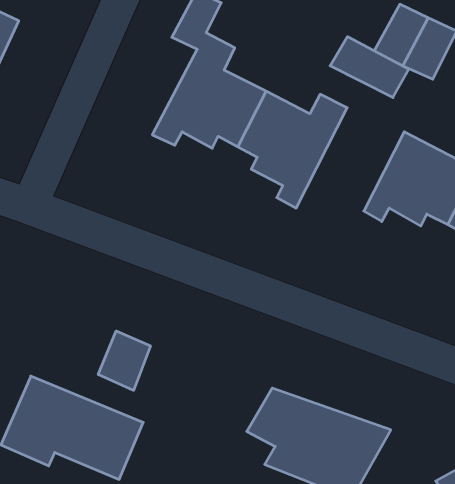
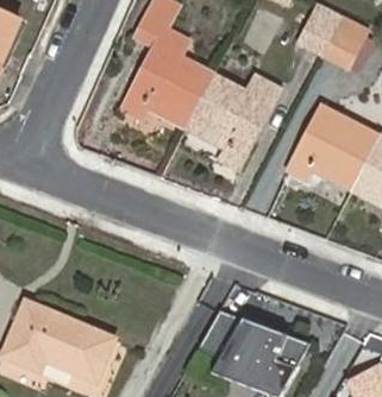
building: [330,37,409,98] -> none
building: [98,331,150,390] -> none

